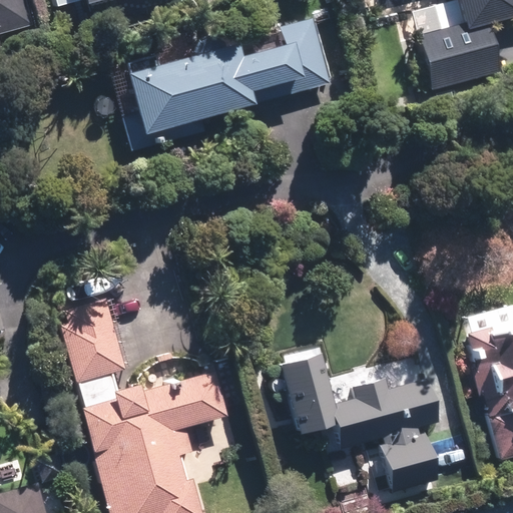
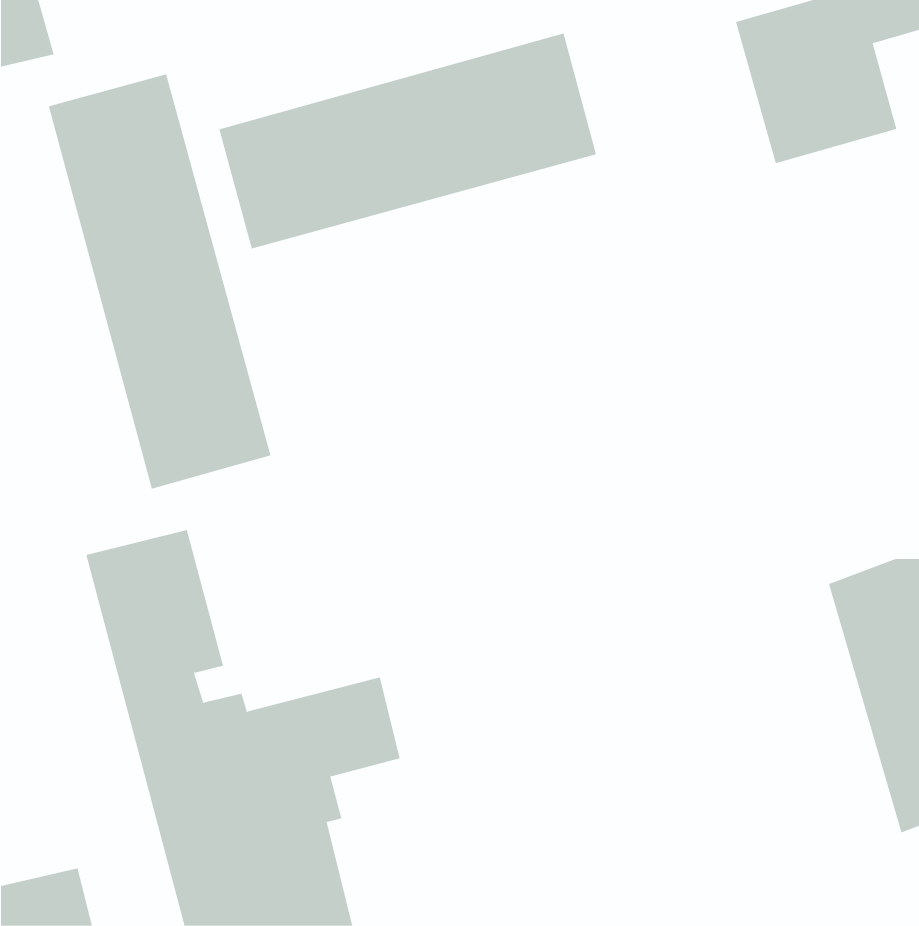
building: none -> [48,73,271,489]
building: [282,347,441,489] -> none

